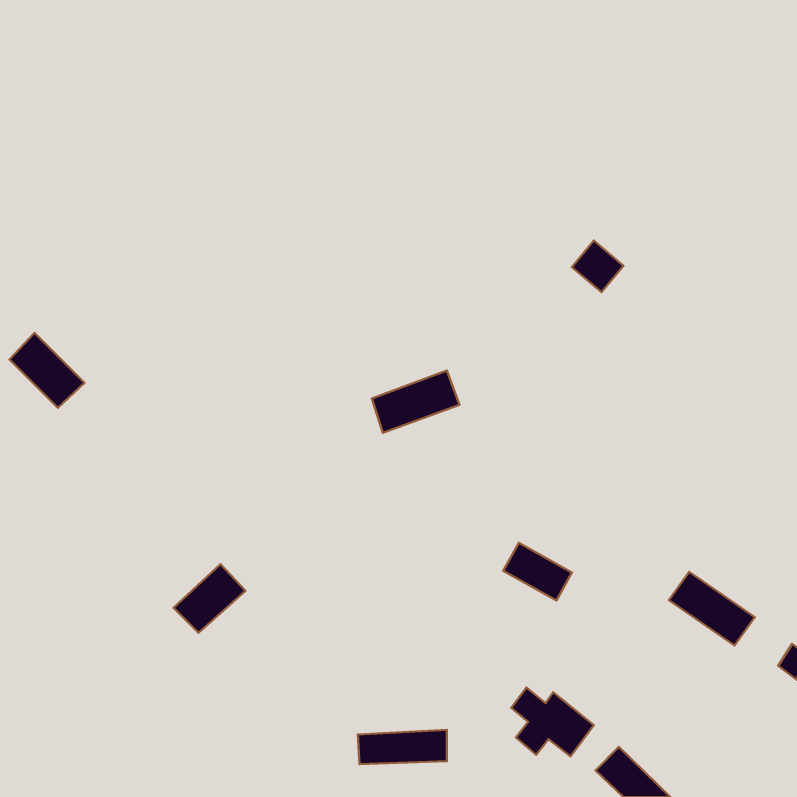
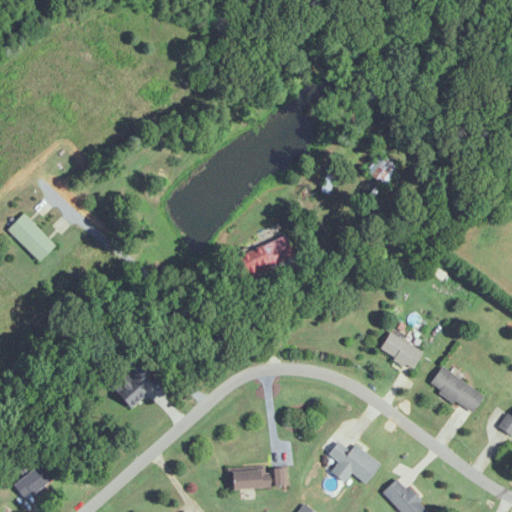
building: [503,543,572,601] -> [379,332,423,369]
building: none -> [14,460,56,500]

